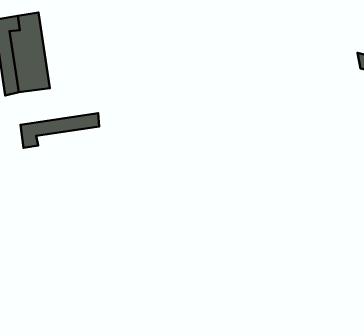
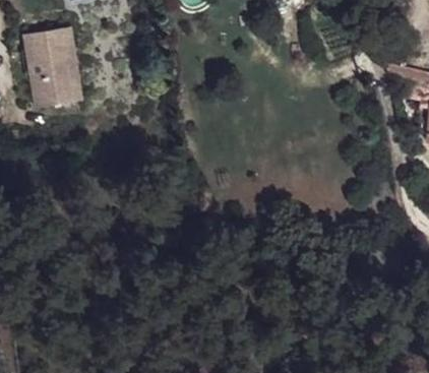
building: [21,113,99,148] -> none

